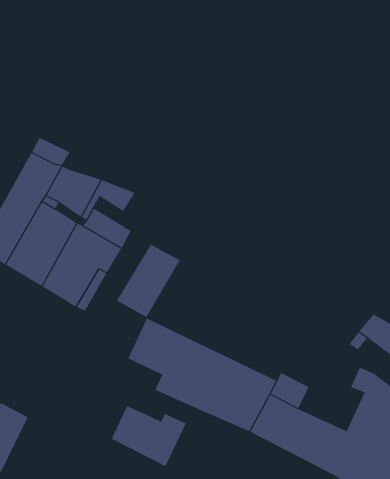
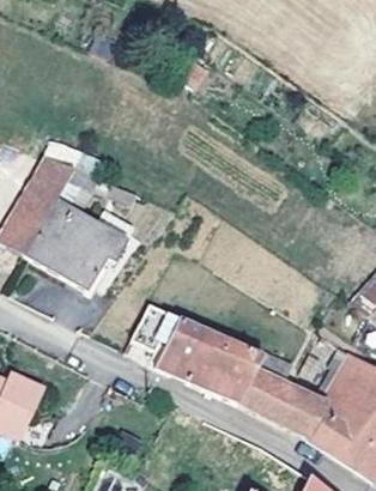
building: [116,244,180,318] -> none
building: [111,405,187,467] -> none

